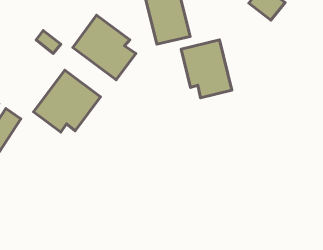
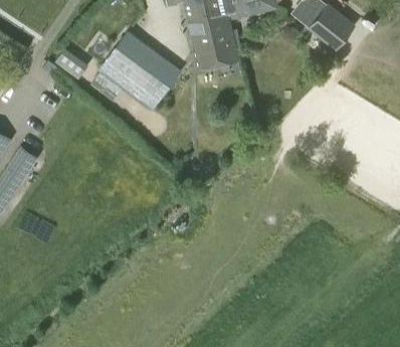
building: [181,40,232,98] -> none
building: [33,70,100,132] -> none

